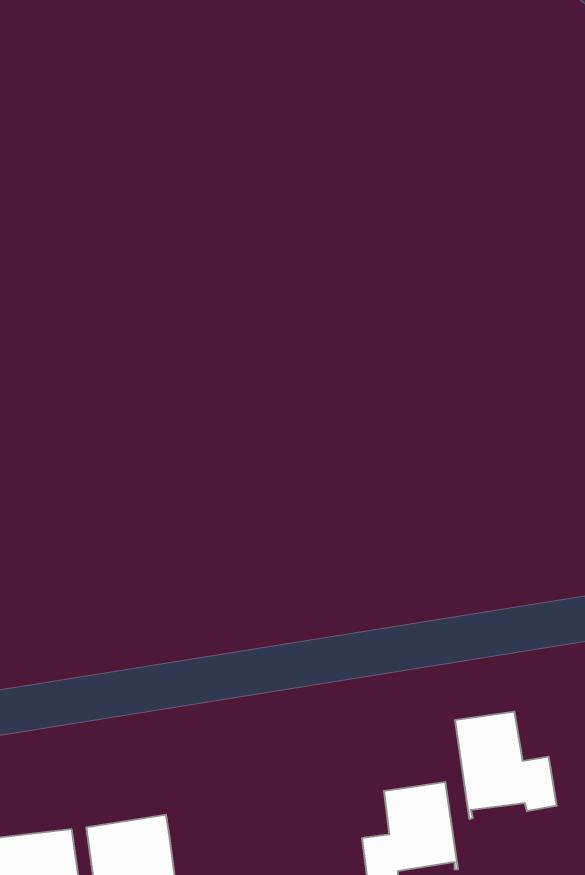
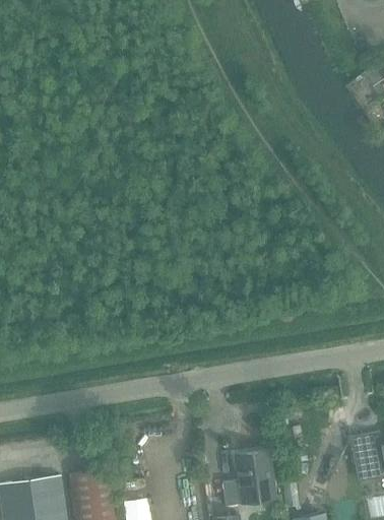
building: [455,711,556,819] -> none

